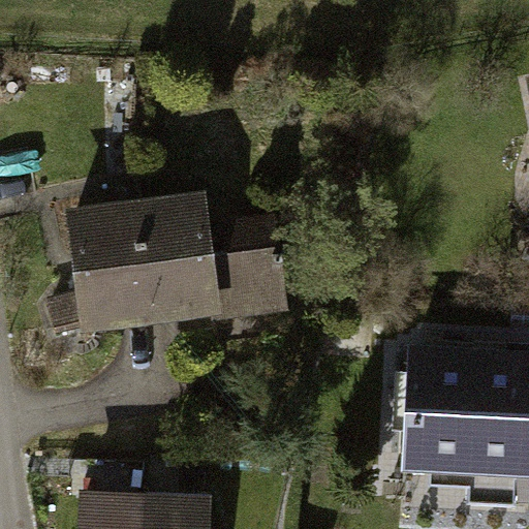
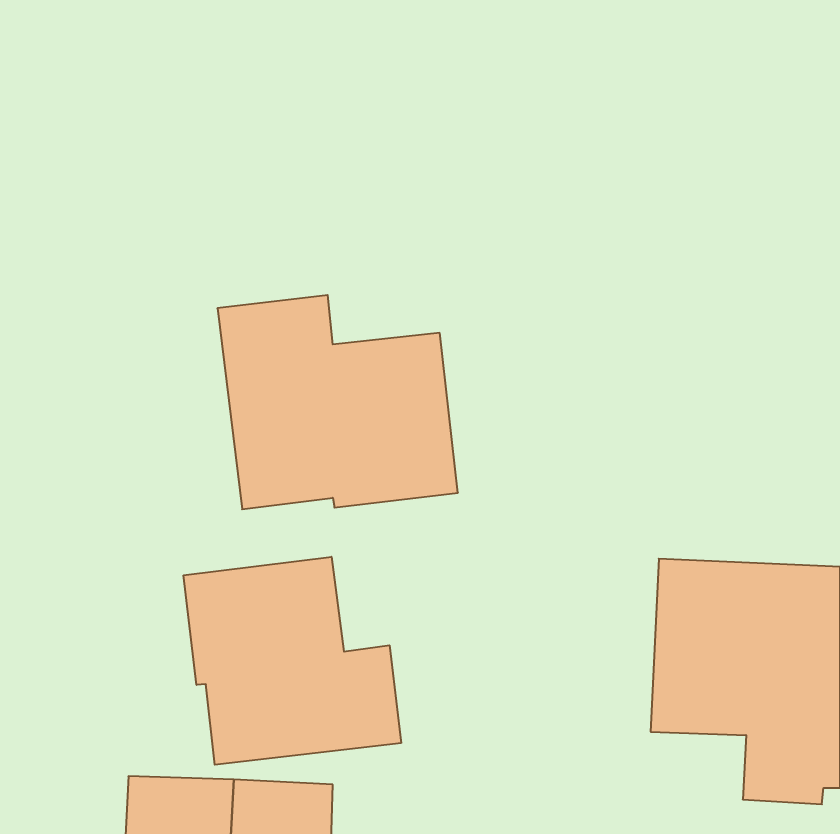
building: [48,198,152,338] -> none
building: none -> [184,557,401,765]

